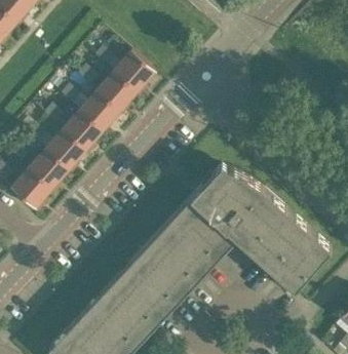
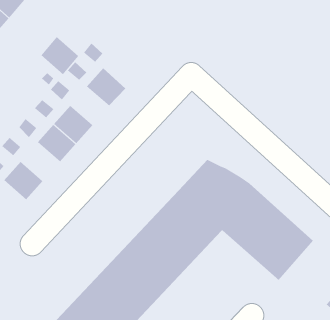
building: [114,51,155,92] -> none
building: [80,90,120,130] -> [40,36,79,75]
building: [29,148,70,188] -> none

